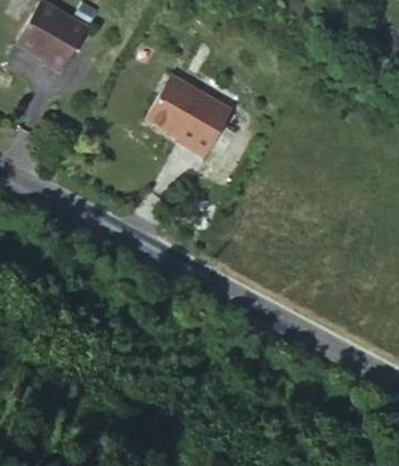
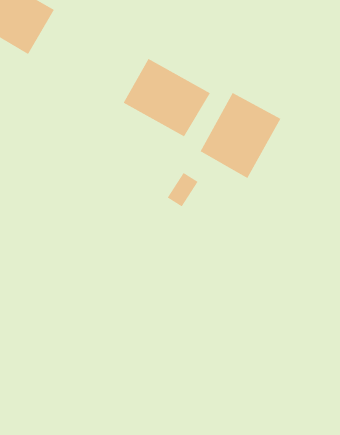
building: none -> [200,92,281,179]

